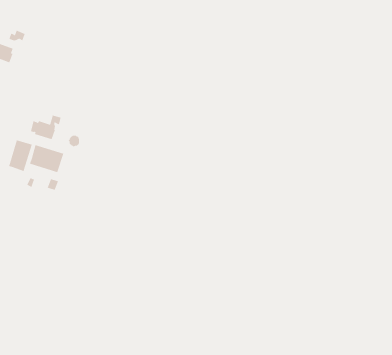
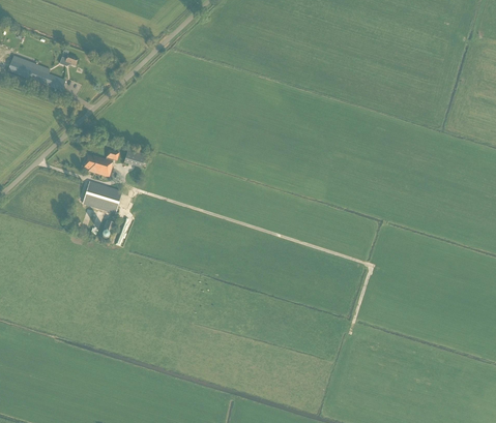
building: [8,139,32,172] -> none

